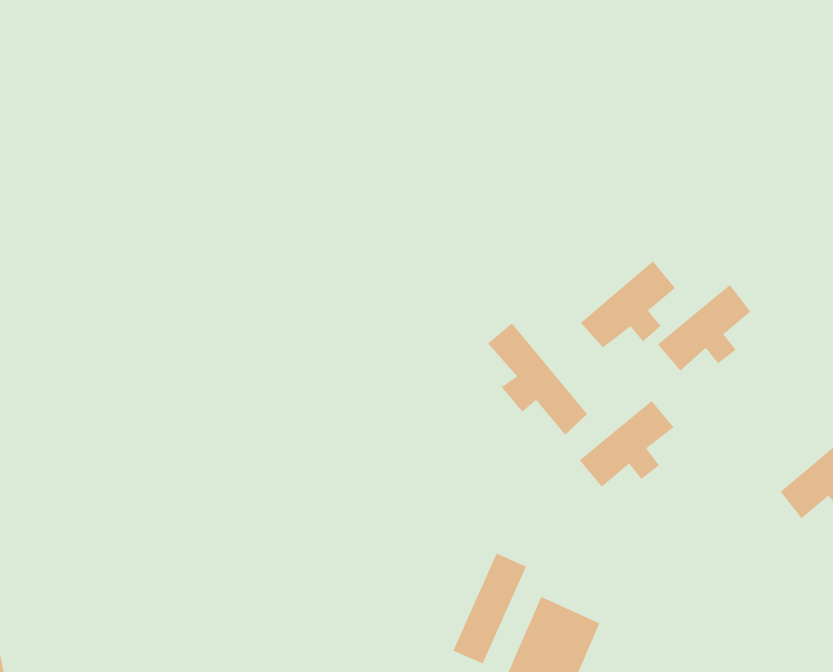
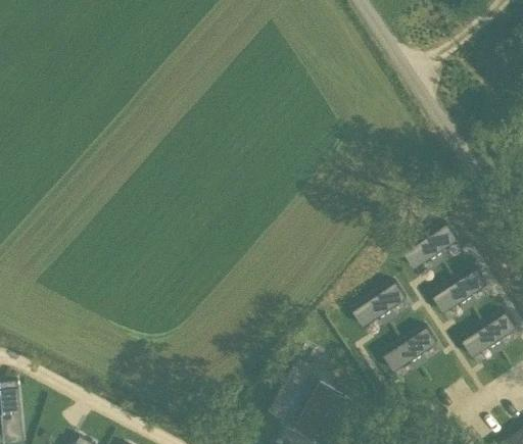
building: [580,261,676,348] -> [429,264,484,310]
building: [487,322,588,436] -> none
building: none -> [380,326,434,371]

